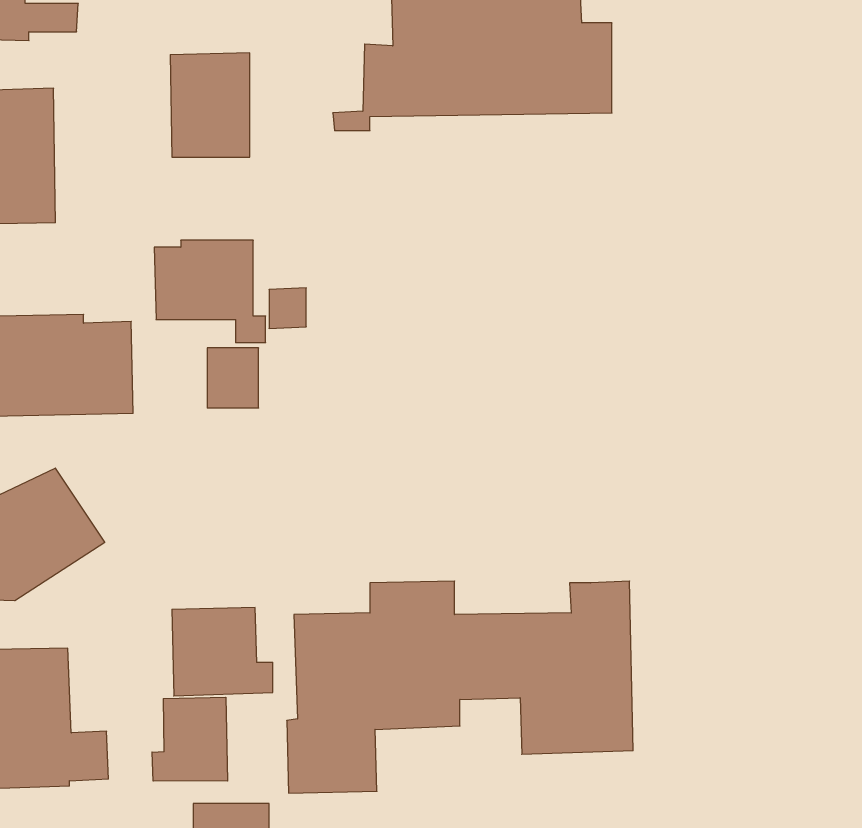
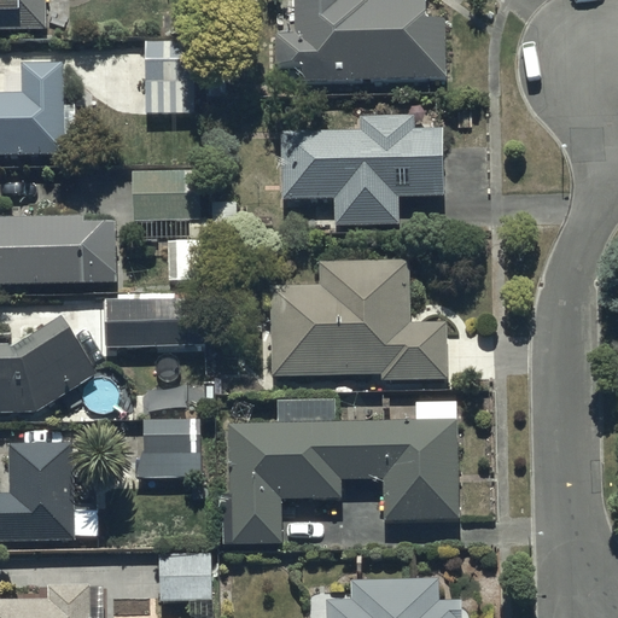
building: none -> [279,116,442,223]
building: none -> [268,260,447,380]
building: none -> [92,293,170,343]
building: [152,697,228,781] -> none

